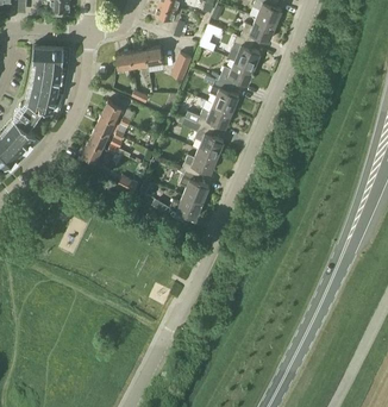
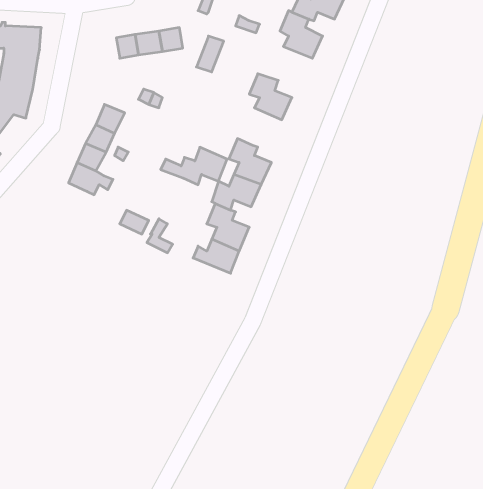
building: [212,62,254,88] -> none
building: [186,105,232,131] -> [161,147,227,185]

